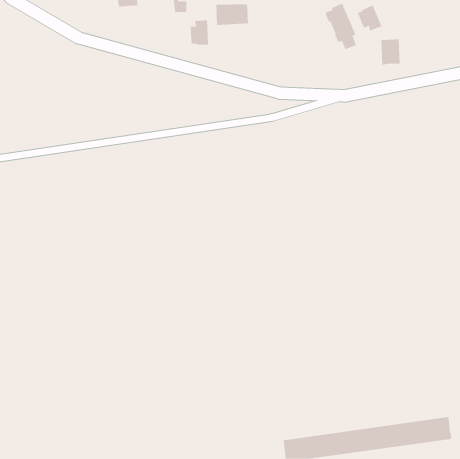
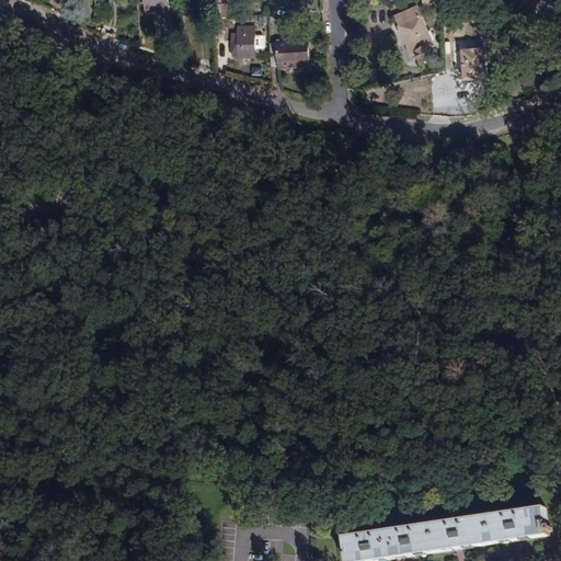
building: [215,4,249,25] -> [267,39,308,66]
building: [357,5,382,31] -> none

